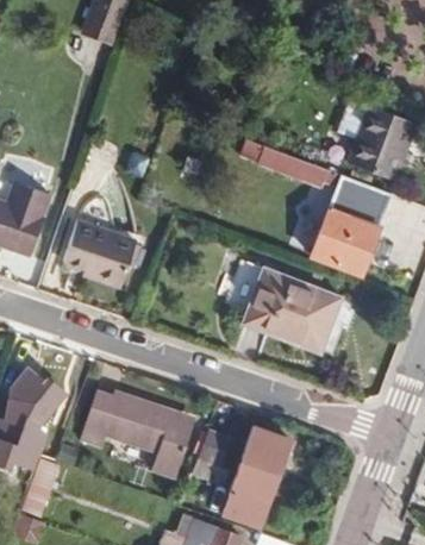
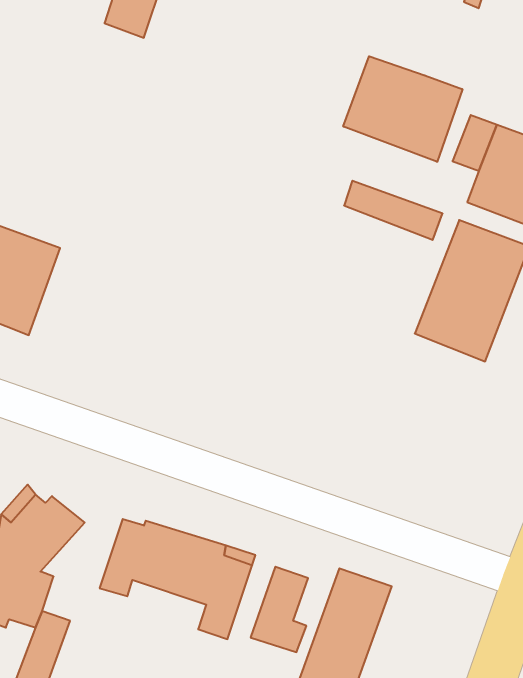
building: none -> [343,56,462,162]
building: [63,220,136,289] -> none
building: [243,268,342,352] -> none

